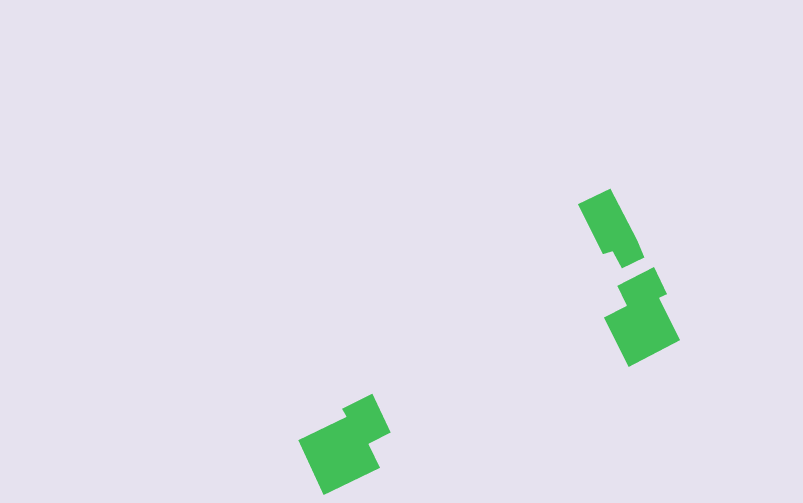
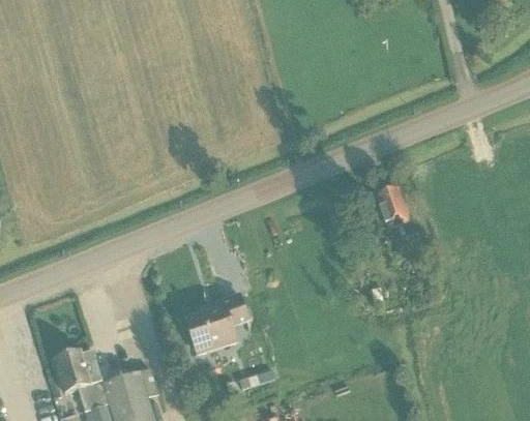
building: [603,266,681,368] -> none

